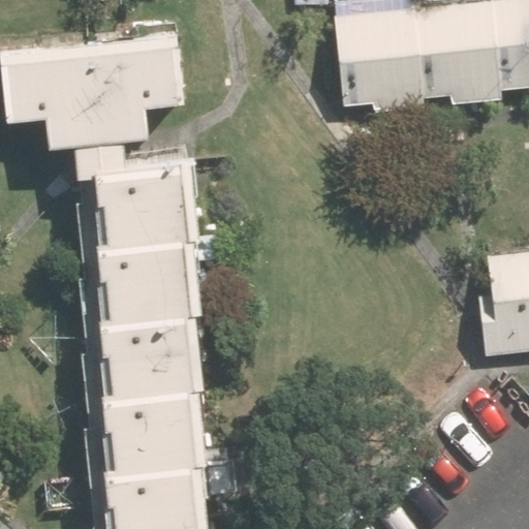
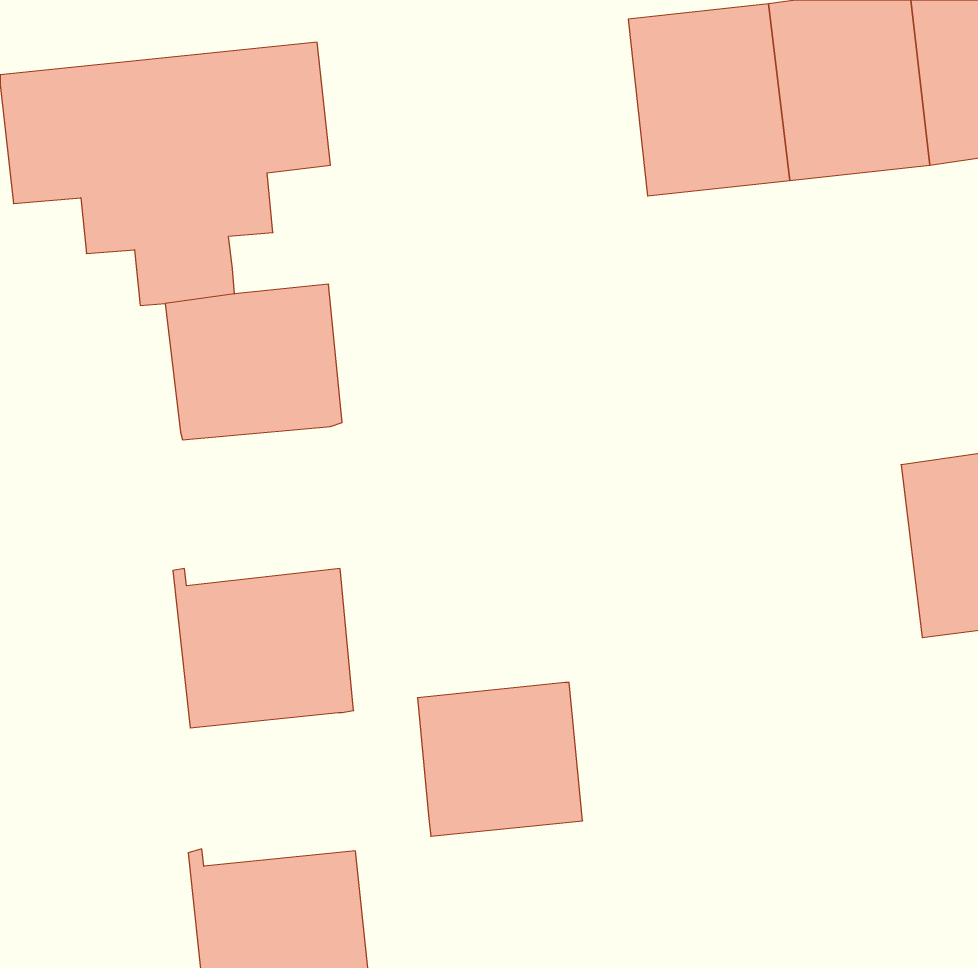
building: [93,237,187,322] -> none
building: [104,391,193,473] -> [417,683,583,836]

